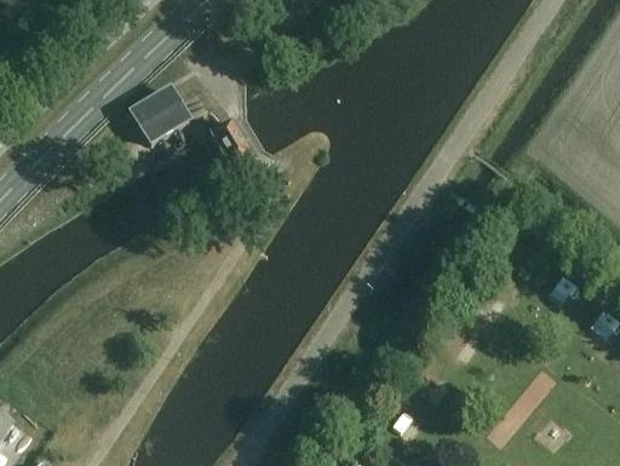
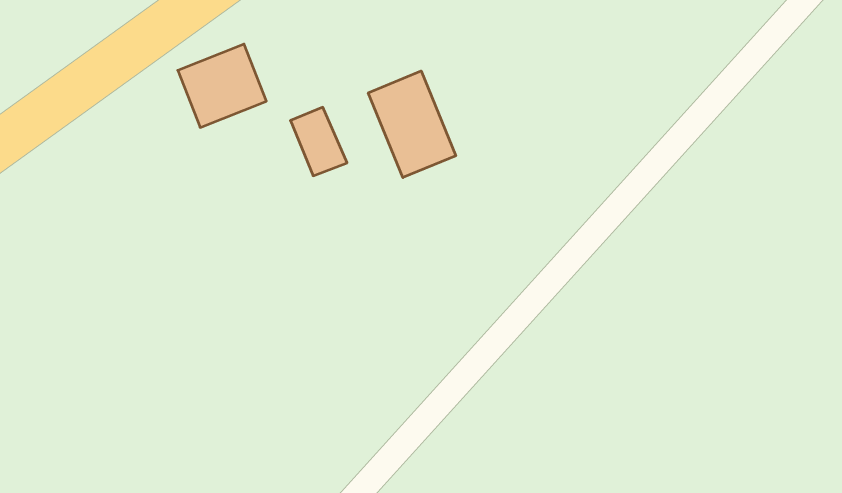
building: none -> [368,71,456,178]

